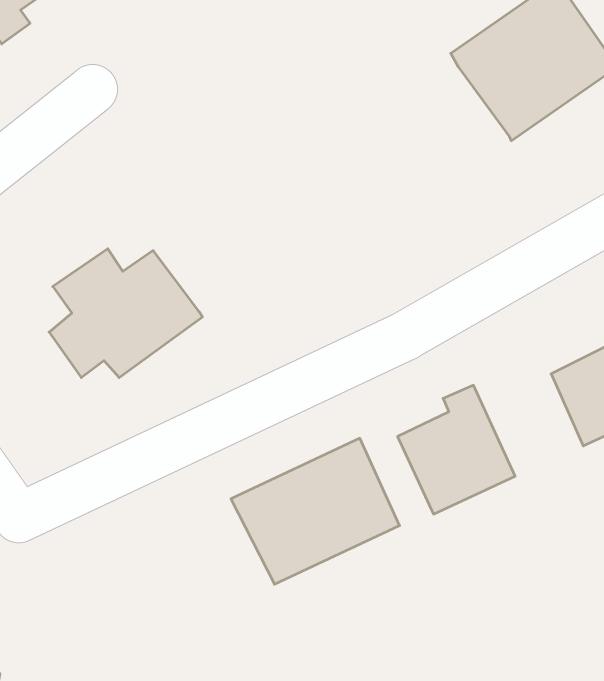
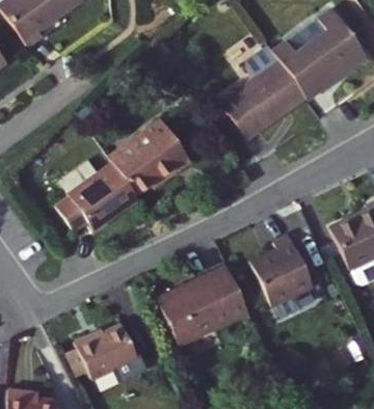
building: none -> [217,60,308,143]
building: none -> [111,121,191,194]
building: none -> [73,323,135,378]

